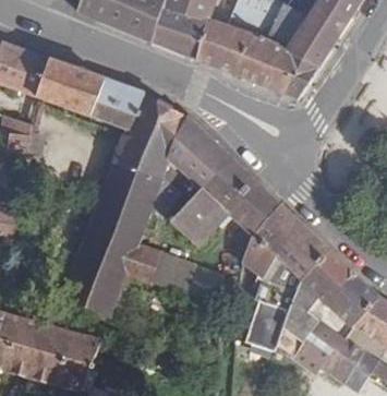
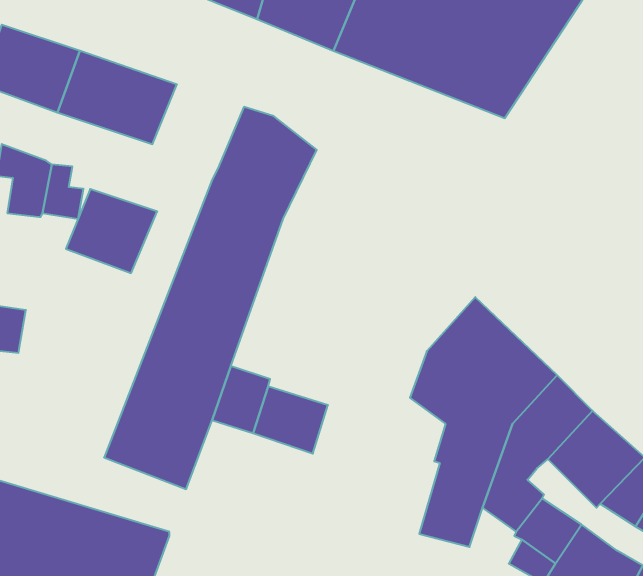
building: [90,79,144,128] -> [66,189,157,273]
building: [143,115,279,247] -> none

